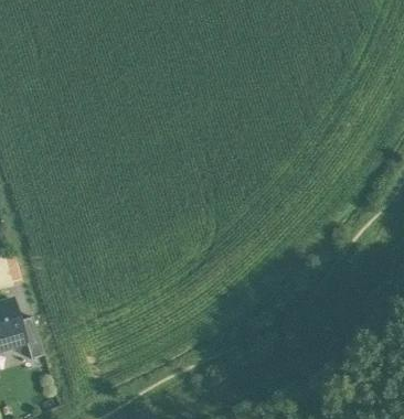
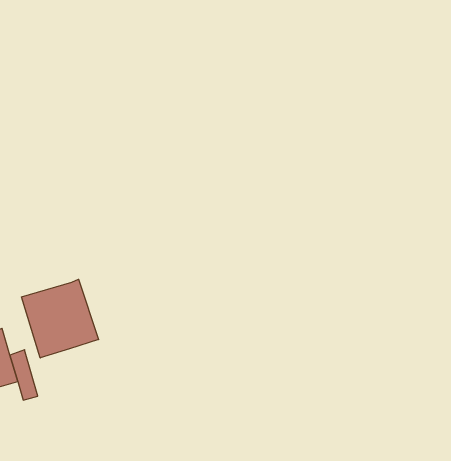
building: none -> [22,279,99,358]

